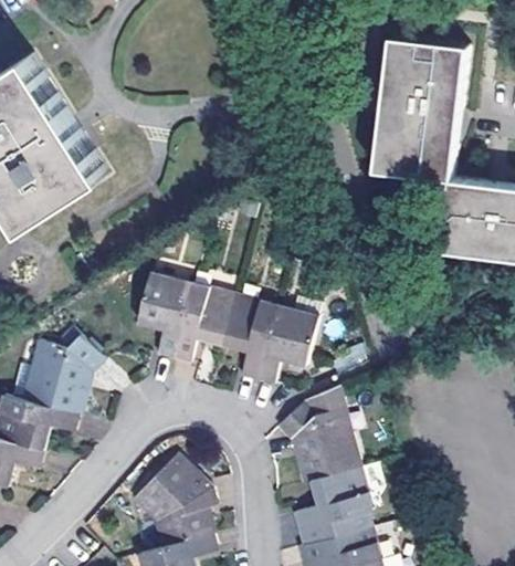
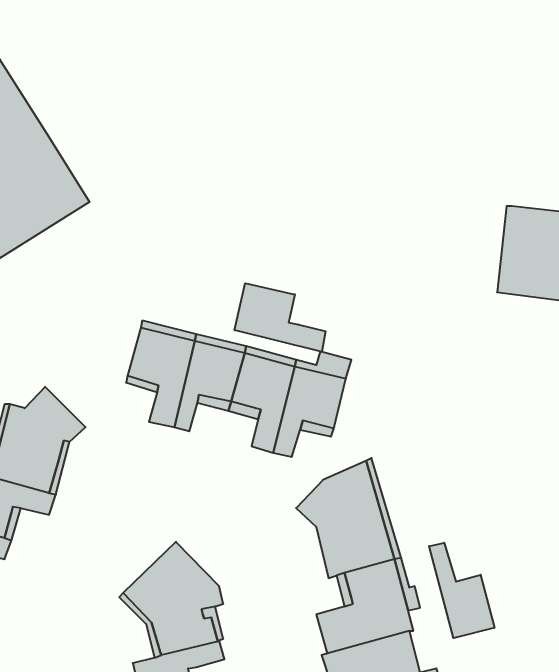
building: [374,36,466,179] -> none
building: none -> [235,283,326,352]
building: none -> [429,543,494,638]

